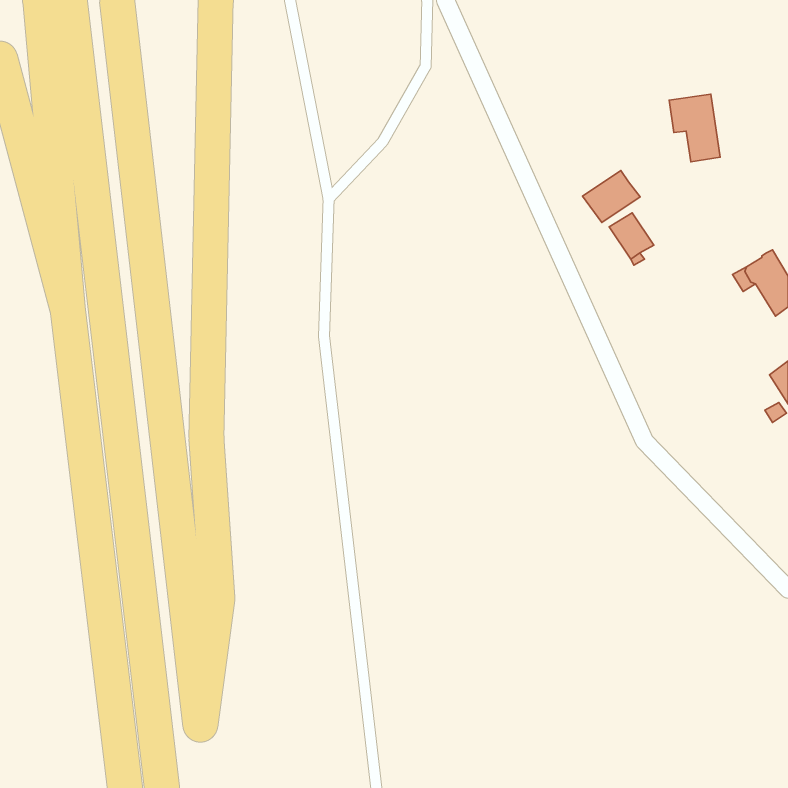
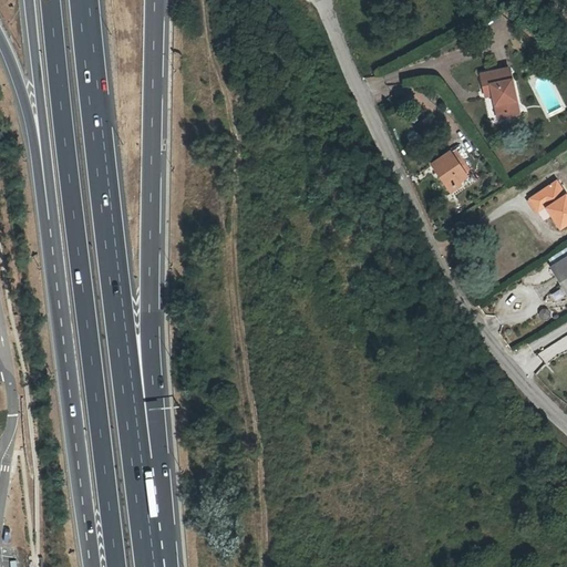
building: [582,171,640,223] -> none

